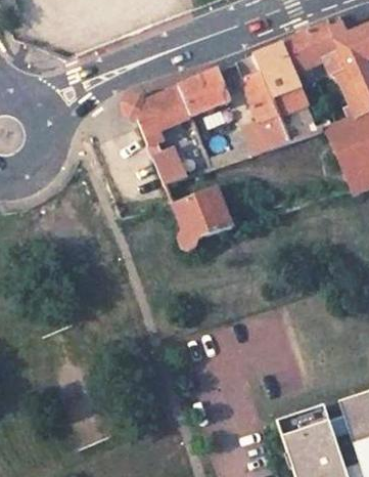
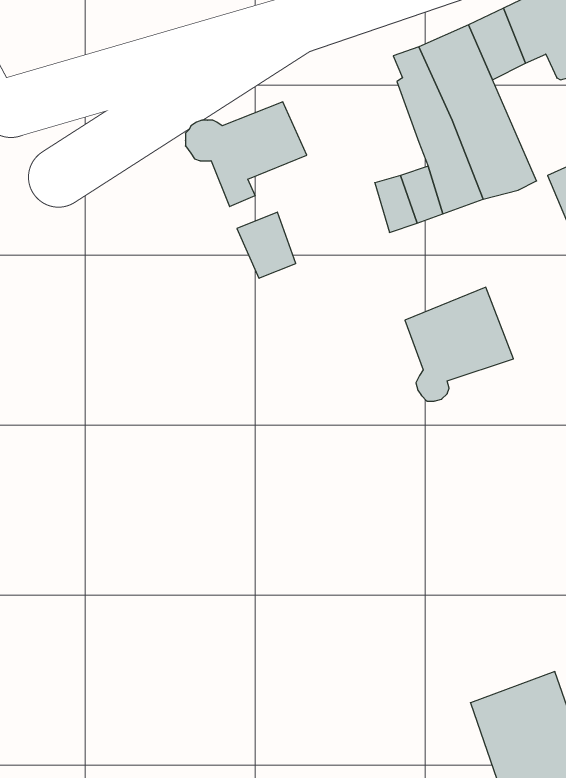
building: [177,71,230,117] -> none
building: [172,187,232,251] -> [405,287,513,401]

